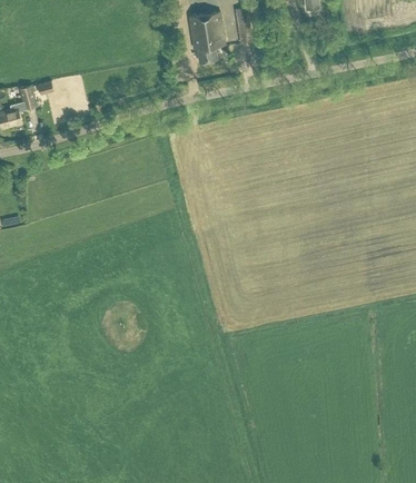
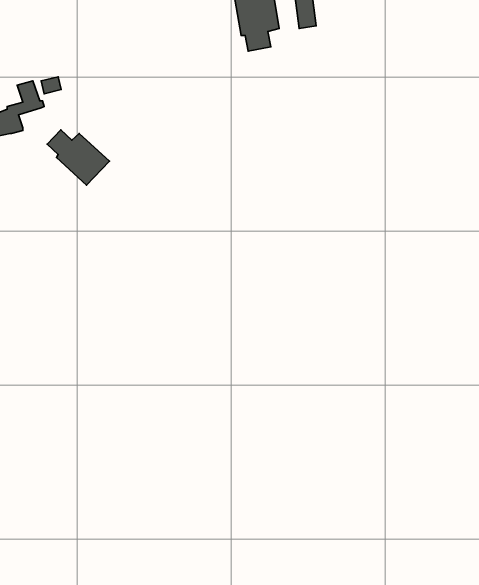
building: none -> [47,130,109,185]

